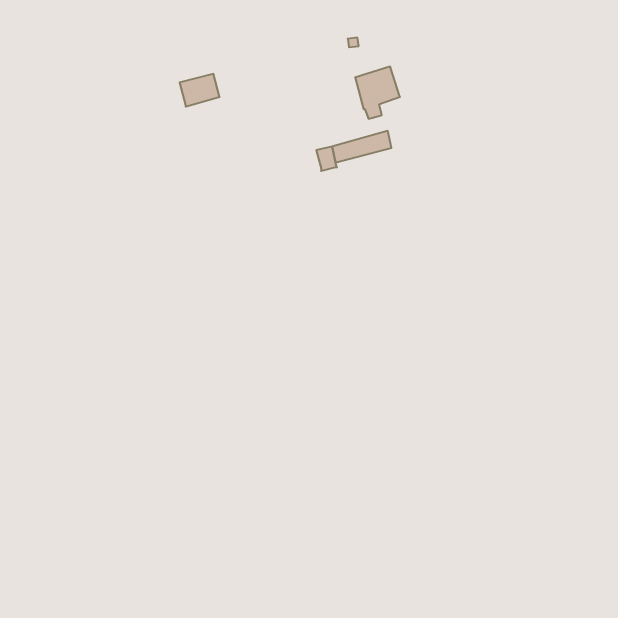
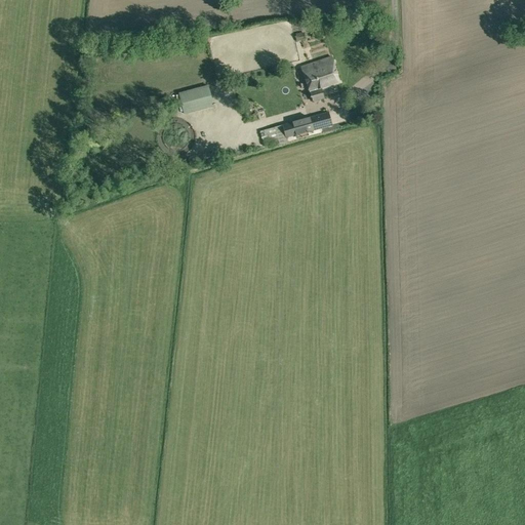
building: [180,74,220,107] -> [177,85,211,113]

